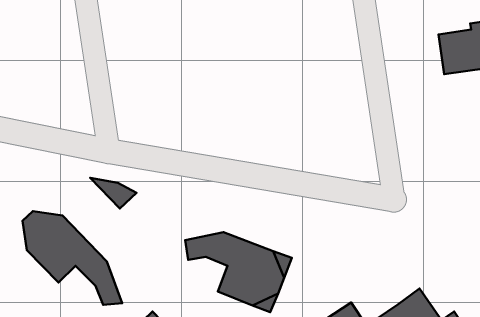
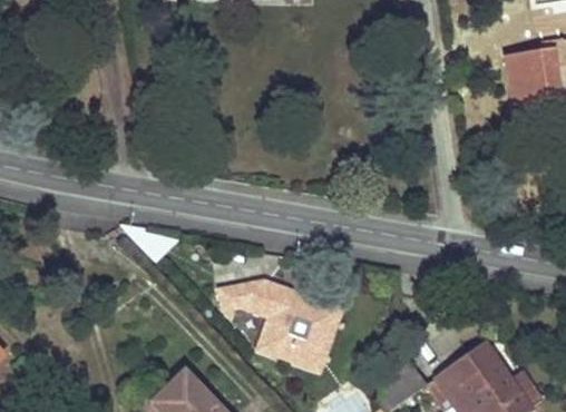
building: [22,211,122,305] -> none

